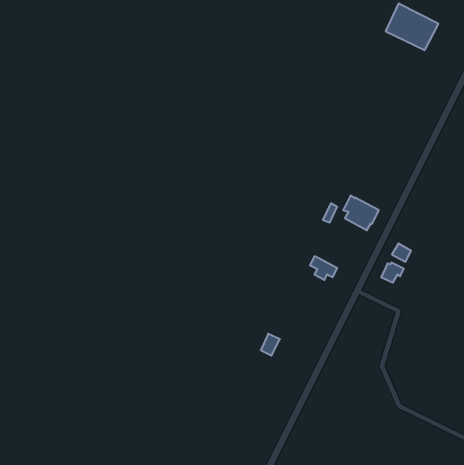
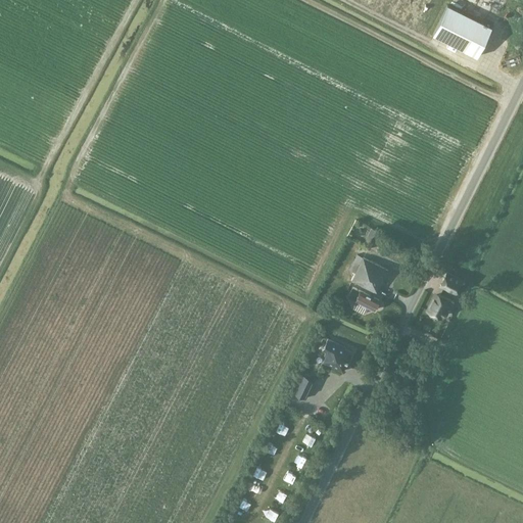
building: [343,196,379,230] -> [350,255,390,294]
building: none -> [324,339,353,373]

